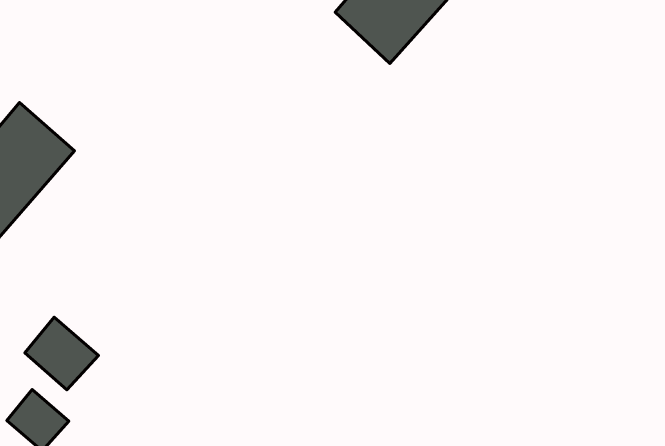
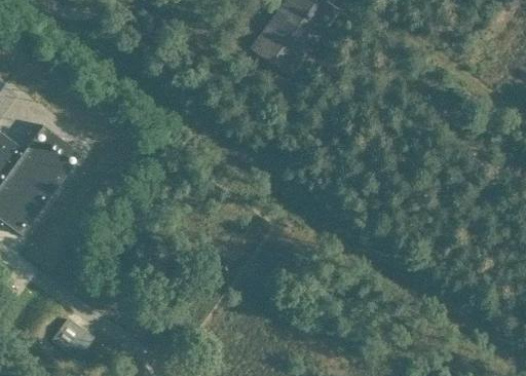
building: [25,317,98,390] -> none

